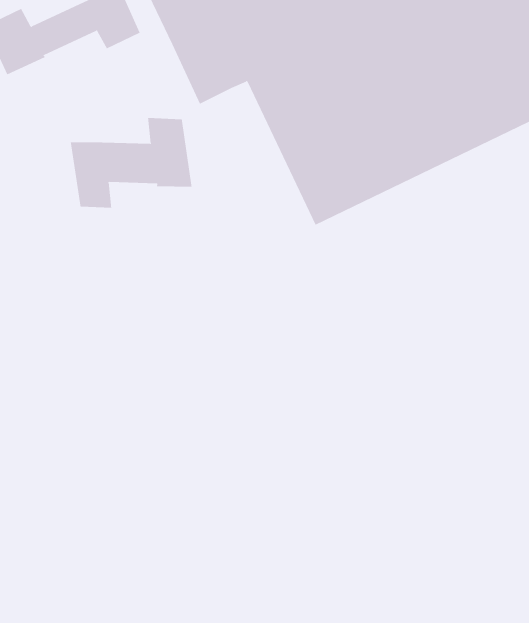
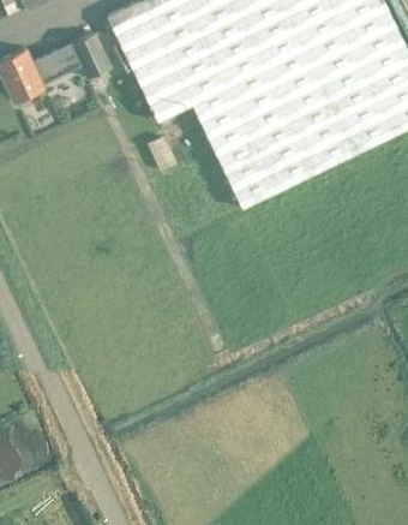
building: [70,117,192,209] -> none

